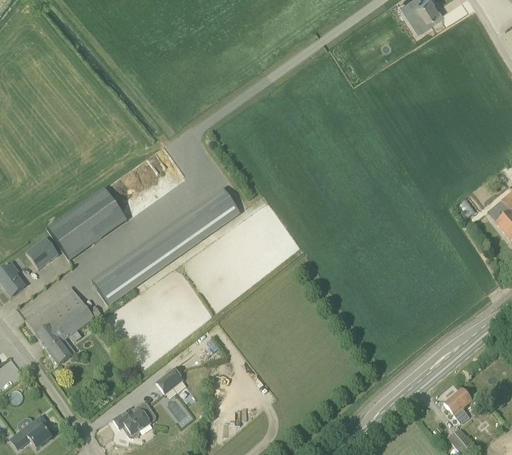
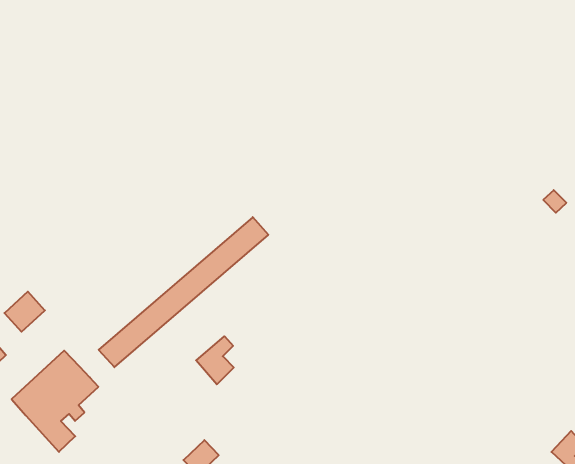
building: [48,186,127,258] -> none
building: none -> [196,336,234,384]

